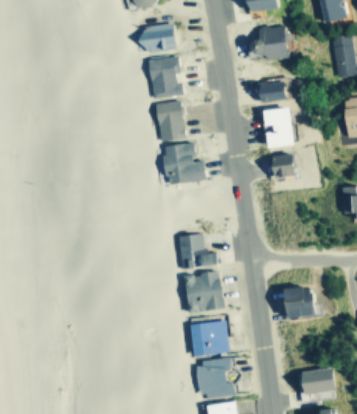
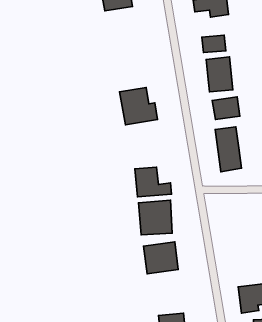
building: [150,57,185,98] -> none
building: [158,101,185,140] -> none
building: none -> [215,127,242,172]
building: [282,287,312,317] -> none
building: [197,359,235,398] -> none

